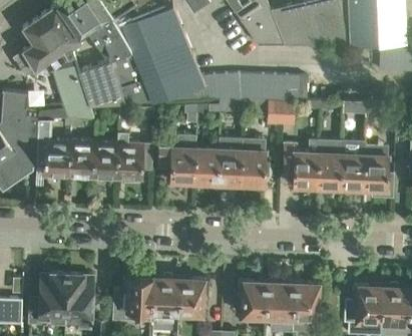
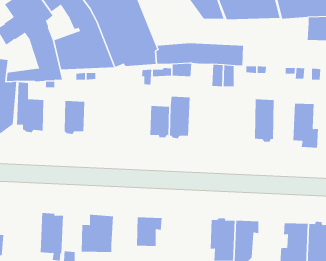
building: [116,132,152,183] -> none
building: [157,134,195,185] -> none
building: [240,137,266,188] -> none
building: [283,139,318,190] -> none
building: [68,140,93,181] -> none
building: [340,140,364,192] -> none
building: [29,274,66,325] -> none
building: [149,275,178,322] -> none
building: [237,281,266,317] -> none

